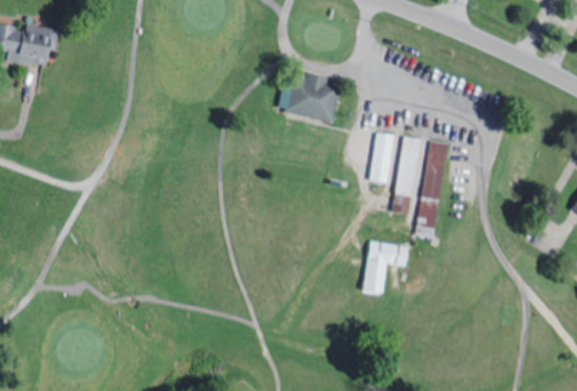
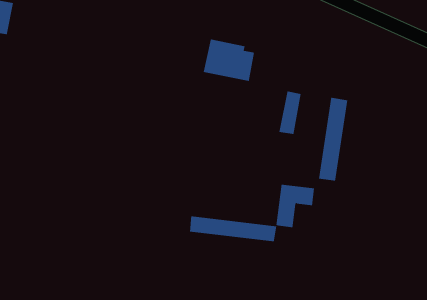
building: [389,136,422,214] -> none
building: none -> [189,215,277,242]

